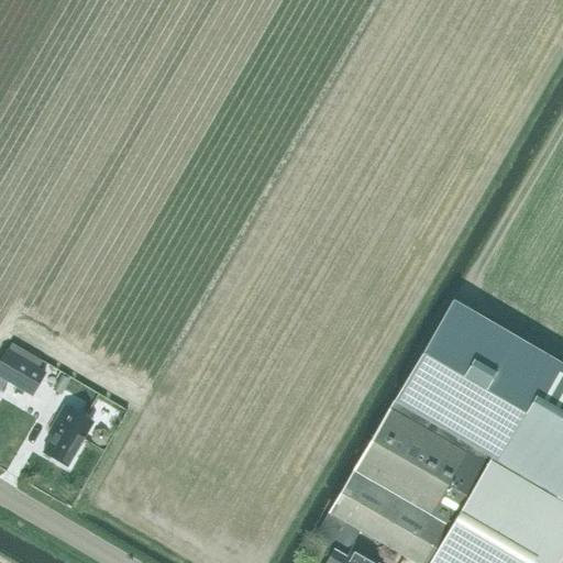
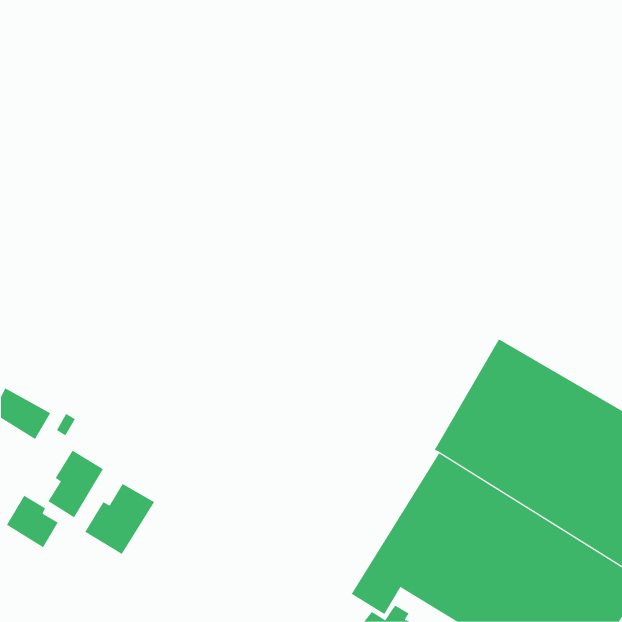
building: none -> [84,483,155,555]
building: none -> [6,495,58,548]

